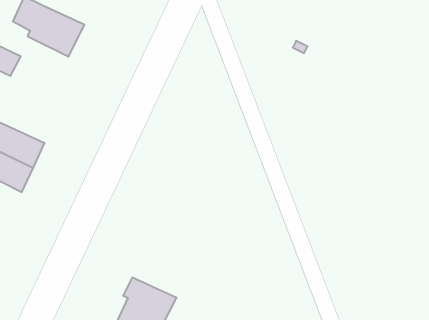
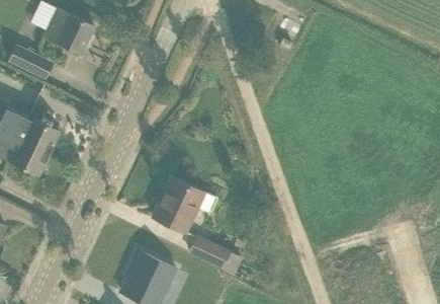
building: none -> [153,176,204,232]
building: none -> [189,237,242,275]

